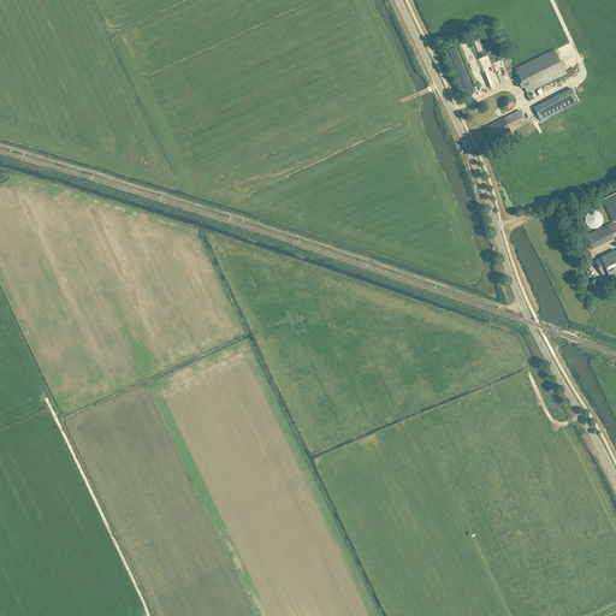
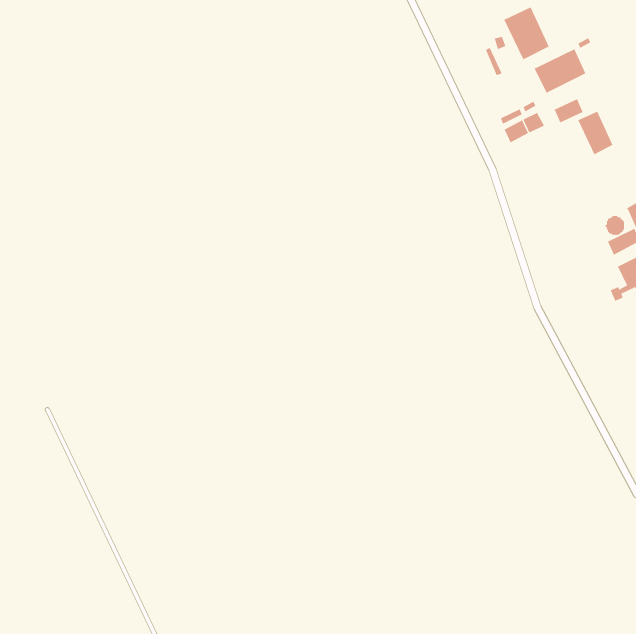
building: none -> [503,7,550,60]
building: none -> [578,111,613,155]

